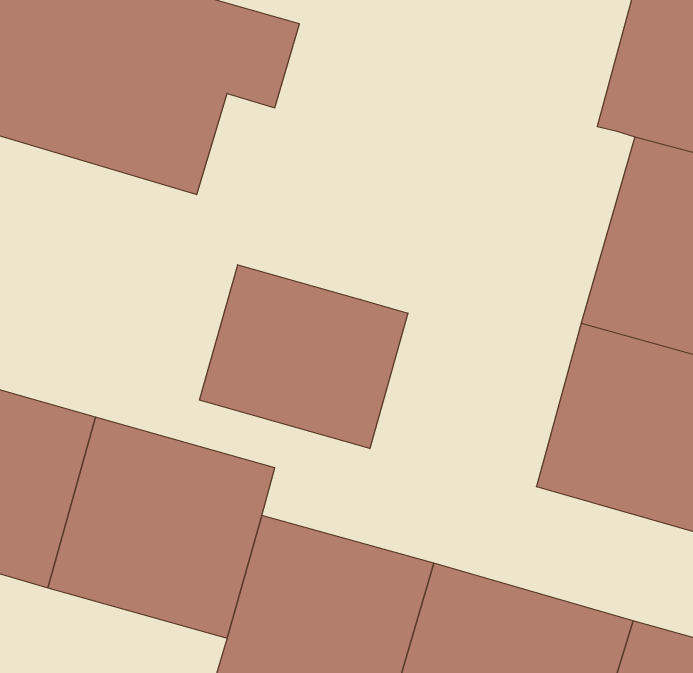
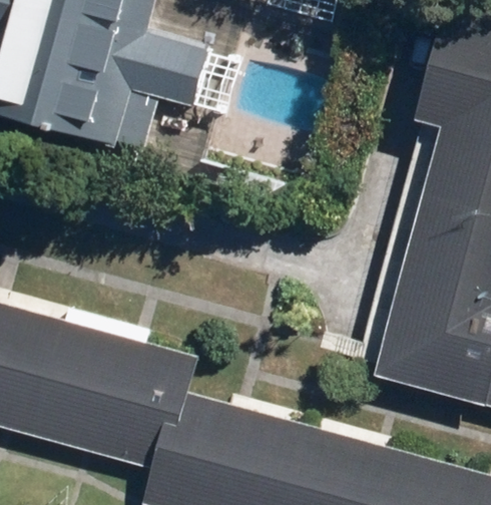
building: [199,265,408,449] -> none

